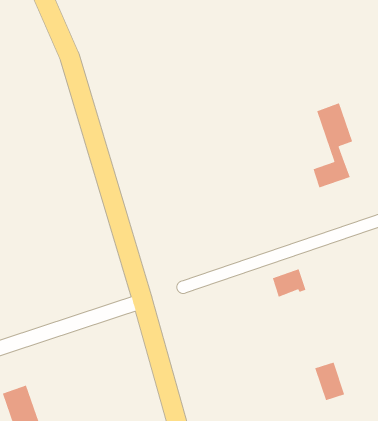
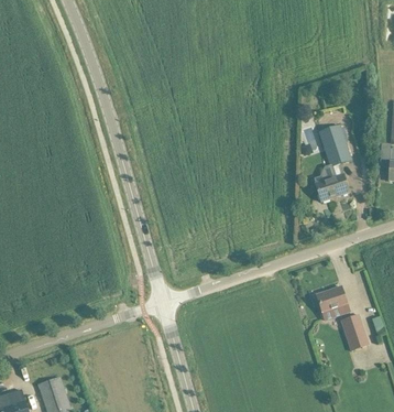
building: [272,268,306,298] -> [316,285,347,312]
building: [314,362,345,401] -> [341,314,369,349]

